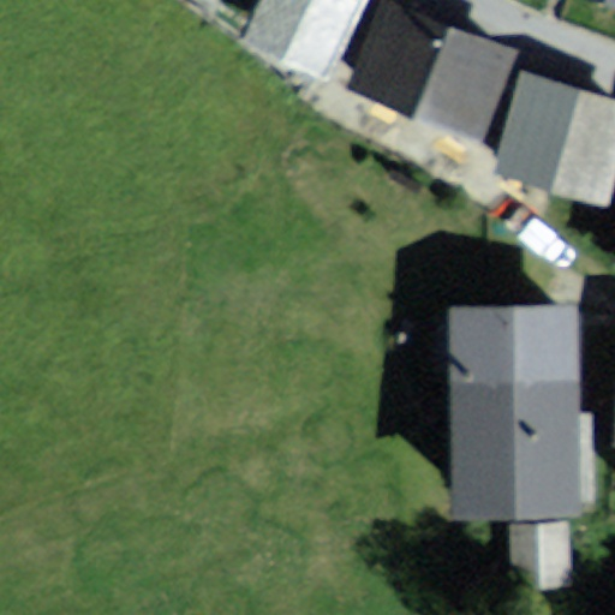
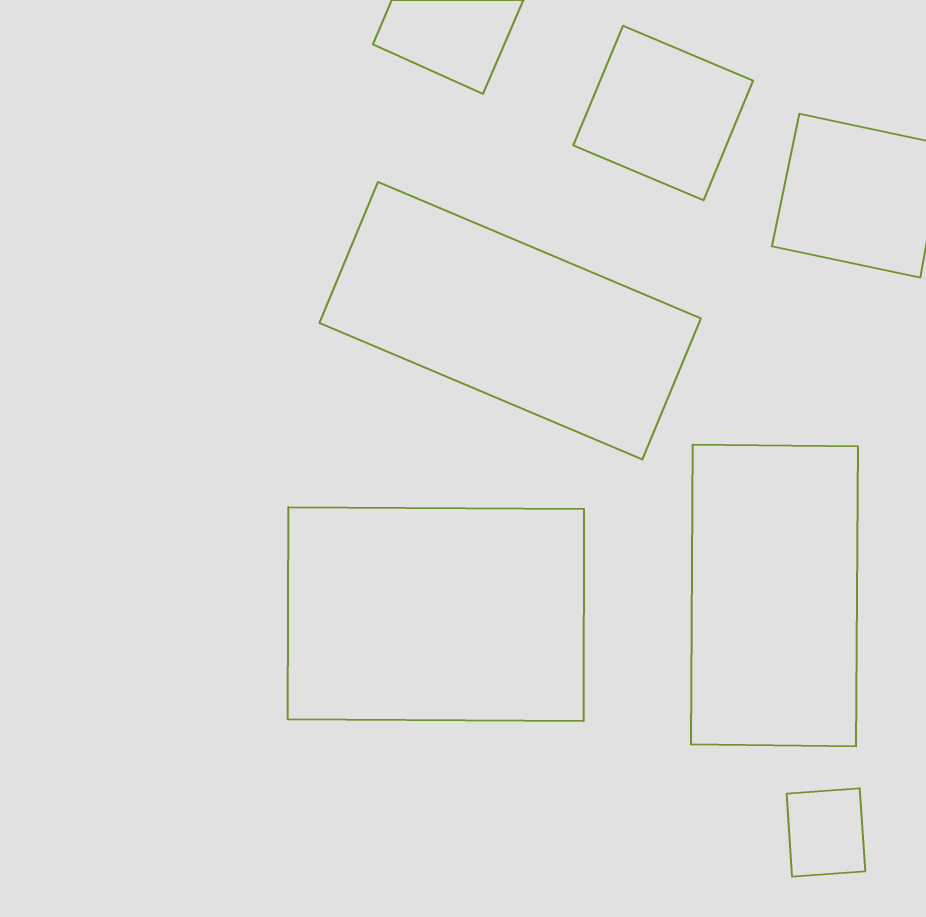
building: none -> [319,182,701,460]
building: none -> [288,507,584,721]

